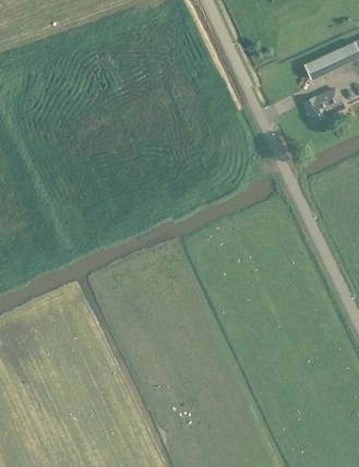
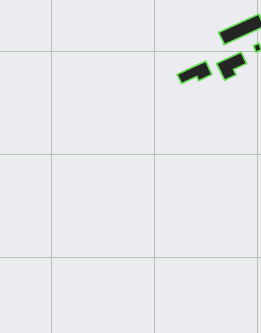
building: none -> [177,61,212,84]

